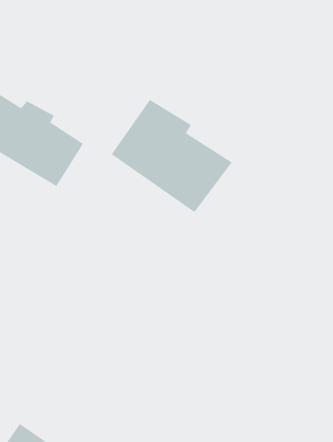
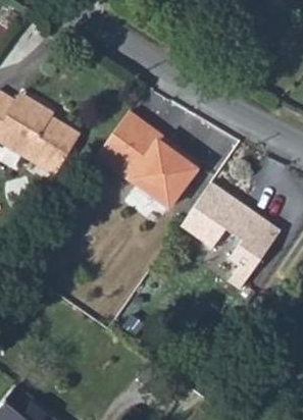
building: none -> [183,173,285,284]

